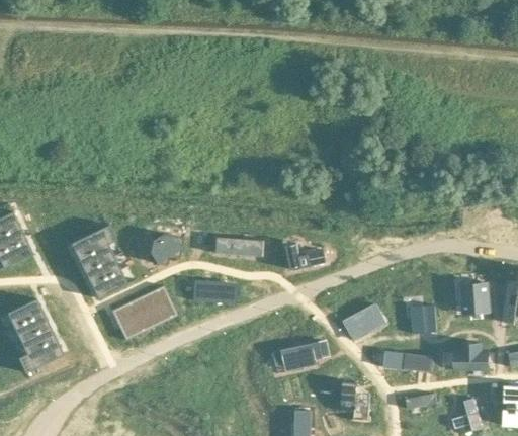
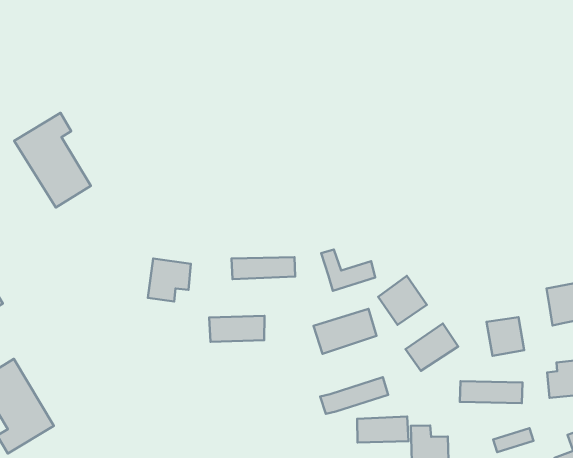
building: [69,224,125,297] -> [14,113,91,207]
building: none -> [378,276,427,325]
building: [110,284,176,339] -> none
building: none -> [313,309,377,354]
building: none -> [357,417,409,443]

